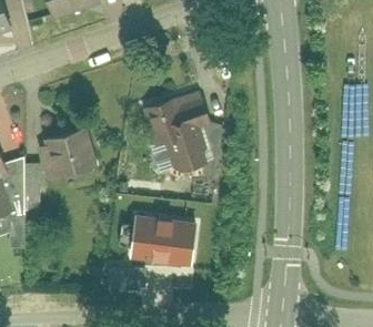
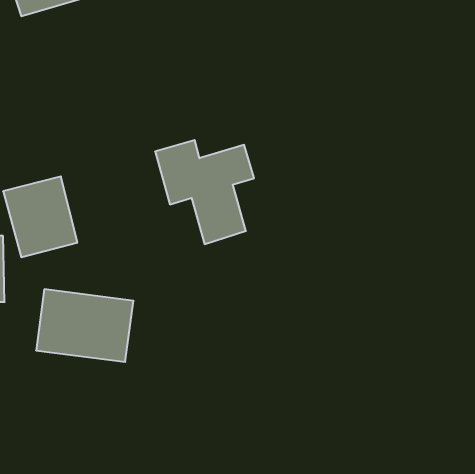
building: [131,213,196,262] -> [36,289,134,362]

